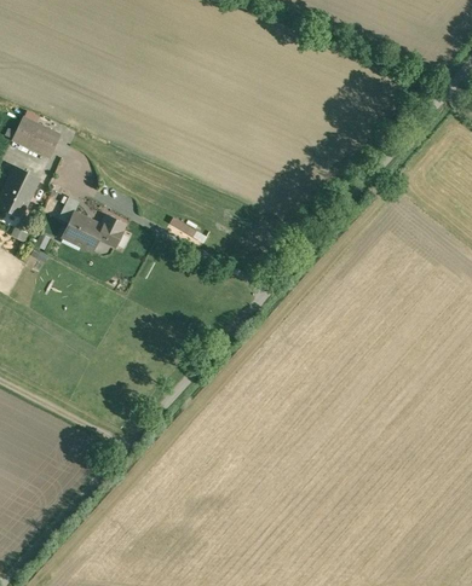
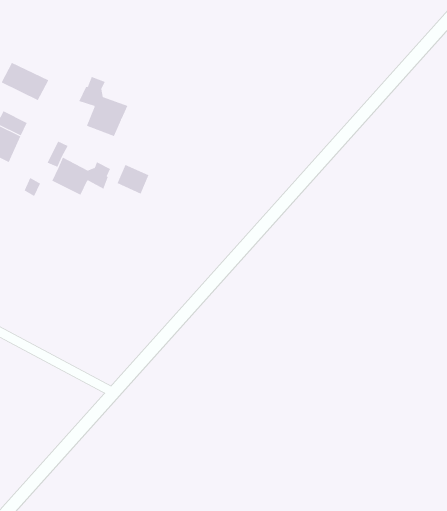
building: none -> [79,76,128,137]
building: none -> [117,164,149,194]

